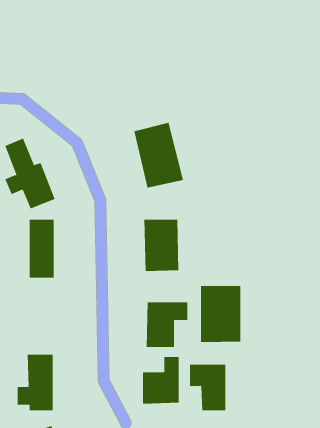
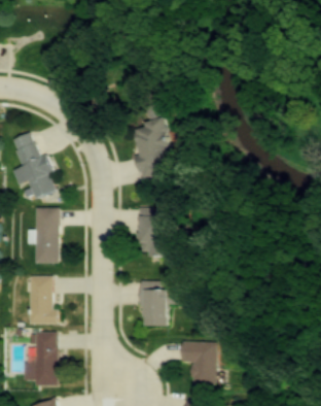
building: [200,285,241,343] -> none
building: none -> [29,275,58,324]
building: [142,356,179,405] -> none

